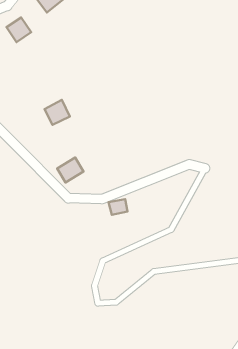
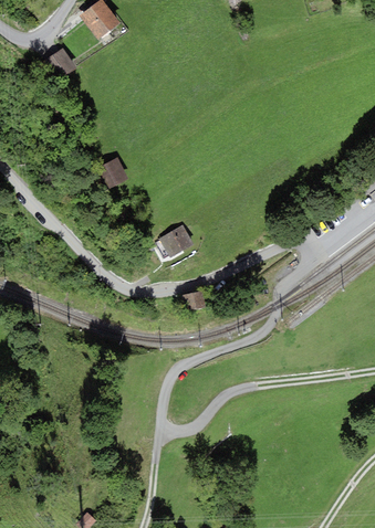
building: [57,158,84,182] -> [159,224,195,257]

